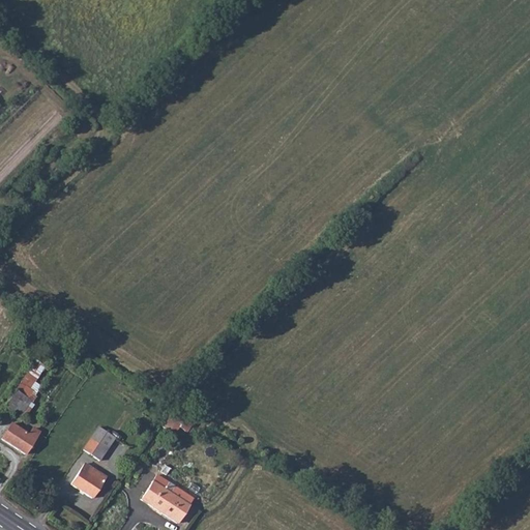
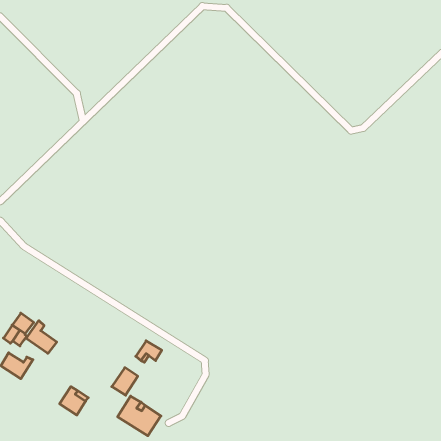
building: none -> [26,321,57,353]
building: [84,426,115,460] -> [112,368,138,395]

